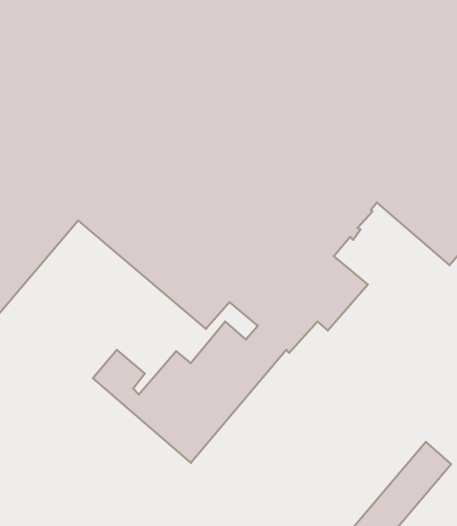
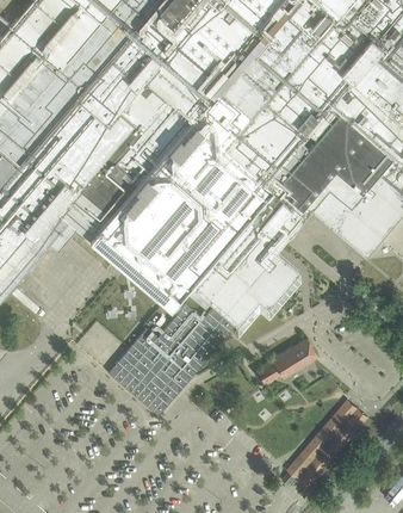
building: none -> [256,338,318,384]

